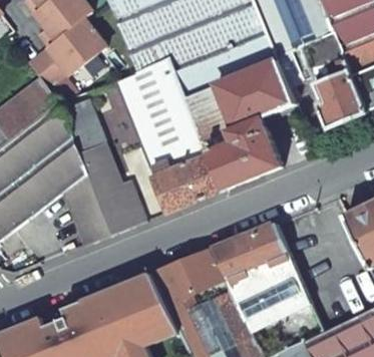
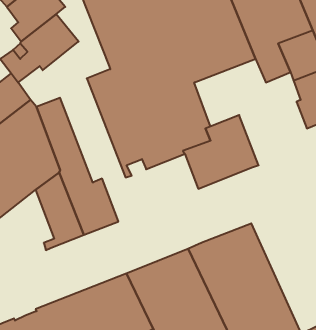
building: [218,61,296,127] -> none
building: [150,154,222,212] -> none

